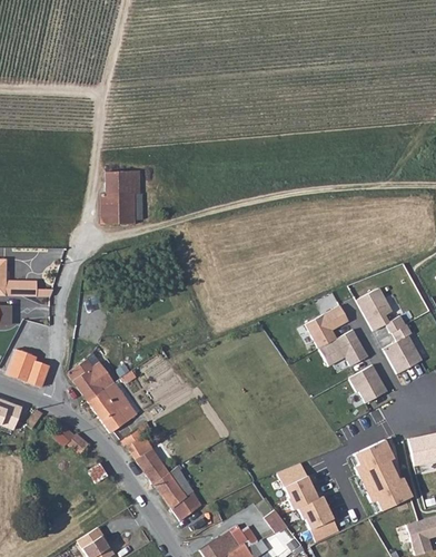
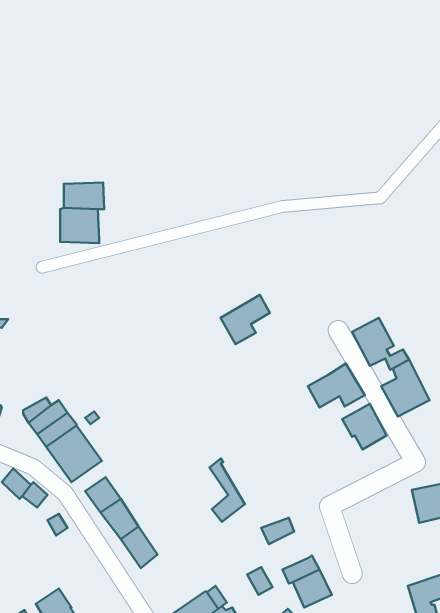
building: [305,304,348,348] -> [220,295,270,344]
building: [354,439,410,510] -> none
building: [169,463,200,519] -> [209,458,245,522]
building: [284,476,318,511] -> none

